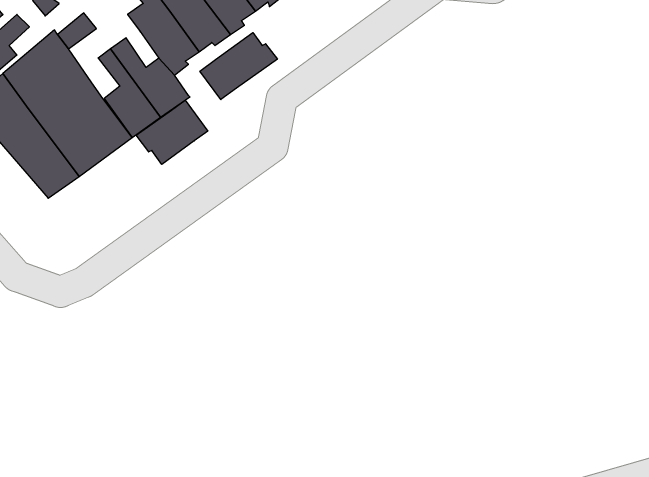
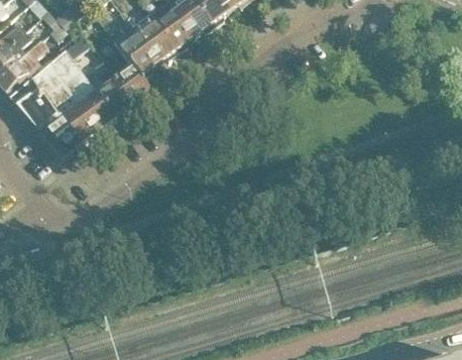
building: [200,33,277,100] -> none
building: [136,100,208,164] -> none

